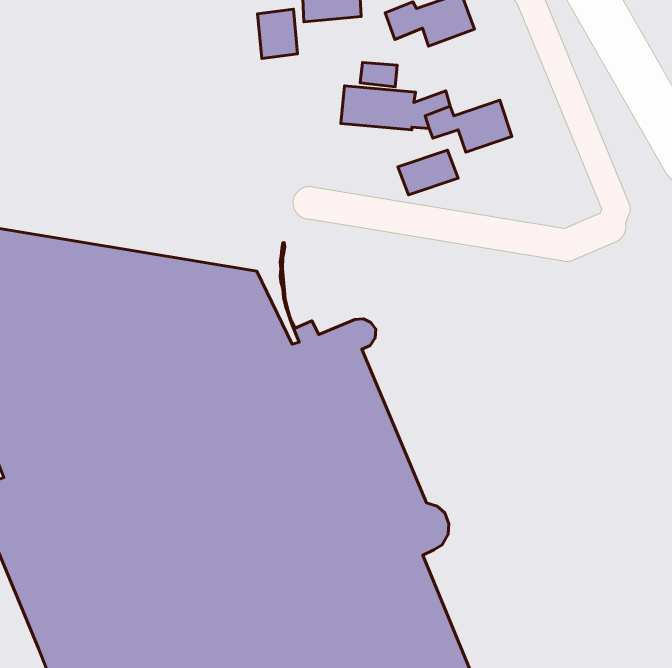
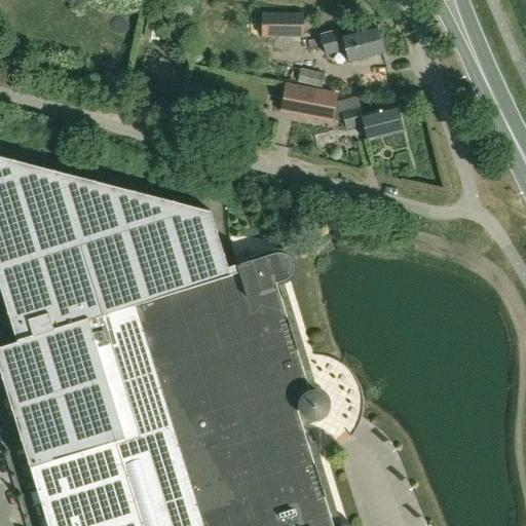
building: [258,9,298,58] -> none
building: [398,150,458,195] -> none

